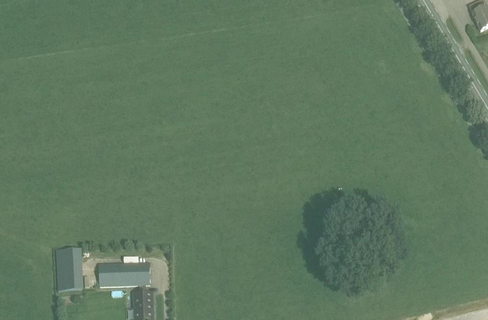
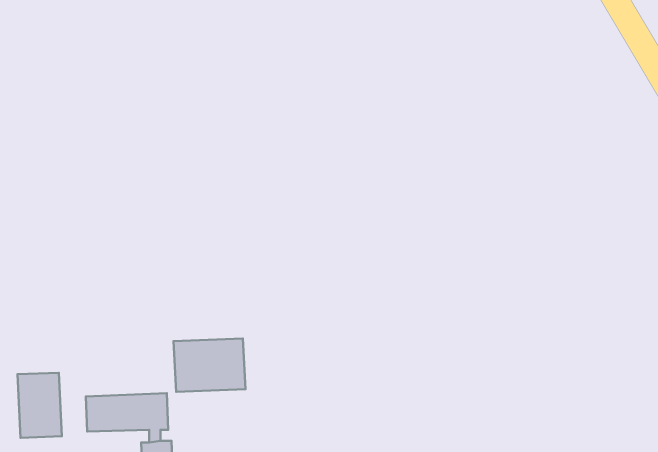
building: none -> [174,338,245,392]

